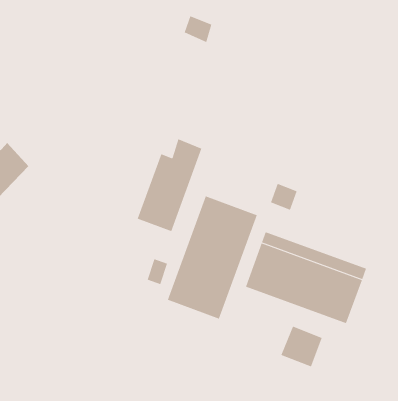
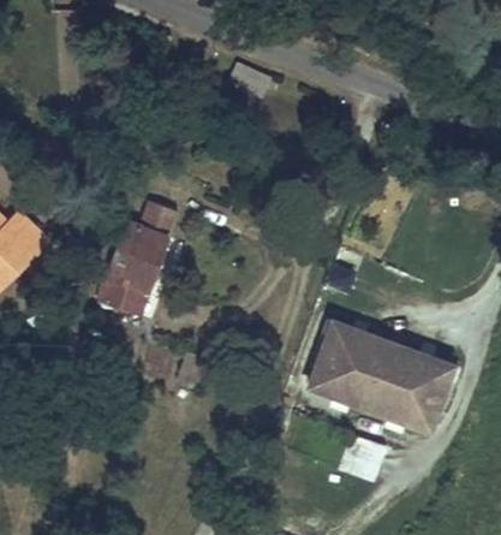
building: [137,139,202,232] -> [102,202,180,314]
building: [167,196,257,319] -> none

